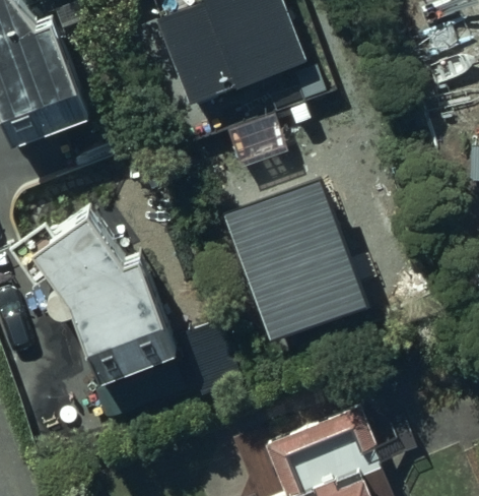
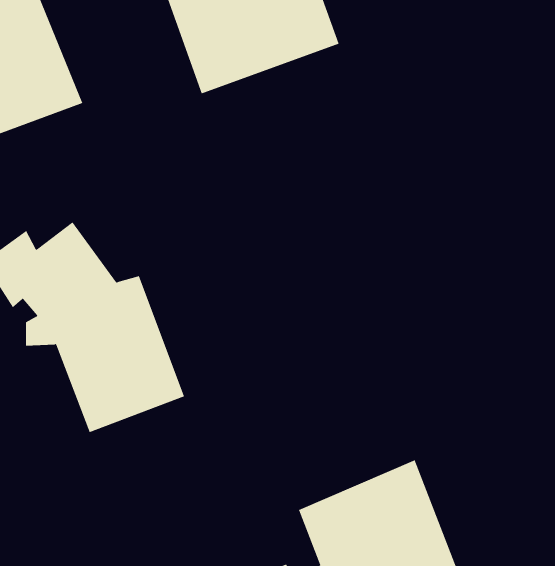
building: [226,181,371,347] -> none

